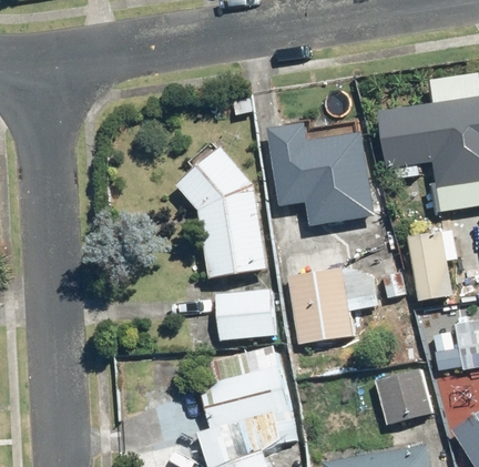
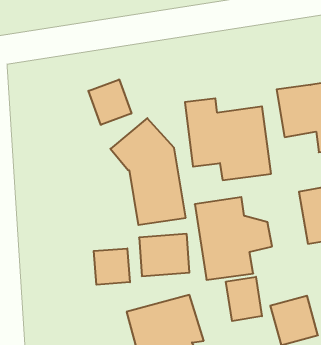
building: none -> [88,79,131,125]
building: none -> [94,248,130,285]
building: none -> [226,277,262,321]

